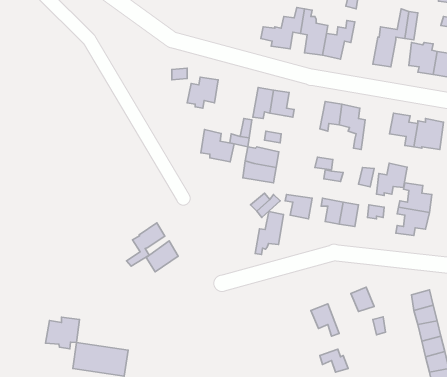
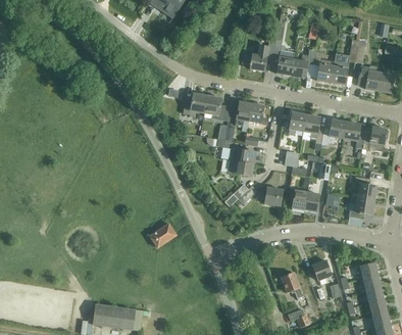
building: none -> [312,49,334,83]
building: [201,130,234,162] -> [204,95,231,121]
building: [376,163,407,195] -> [321,118,346,144]
building: [255,211,284,255] -> none
building: [127,223,165,266] -> none
building: [45,317,79,349] -> none

